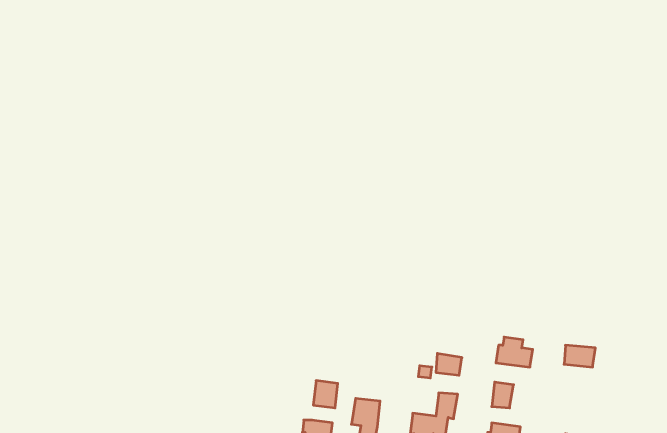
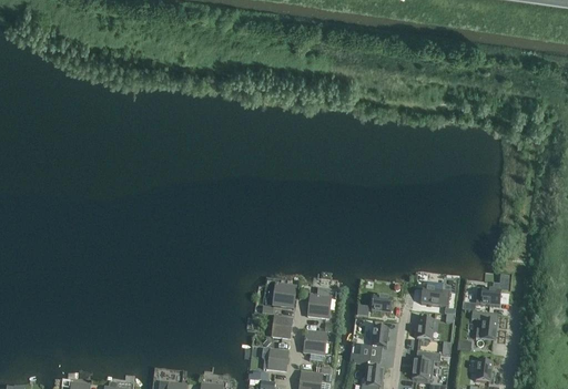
building: none -> [268,276,296,307]
building: none -> [307,287,331,317]
building: none -> [471,309,498,340]

